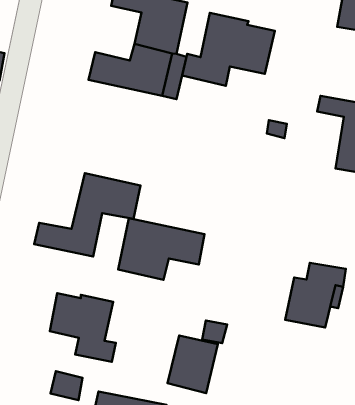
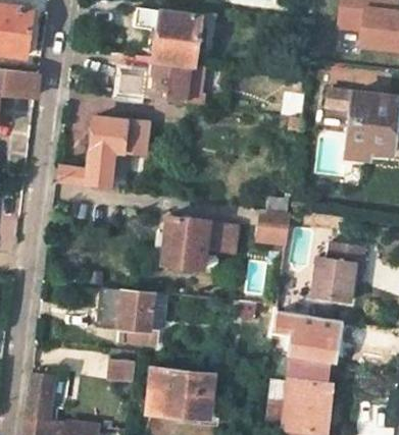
building: [182,13,275,86] -> none
building: [34,173,141,257] -> [57,116,149,191]
building: none -> [255,211,289,246]
building: [167,335,218,393] -> [291,313,334,363]

